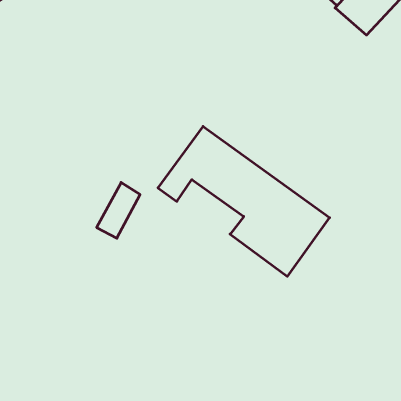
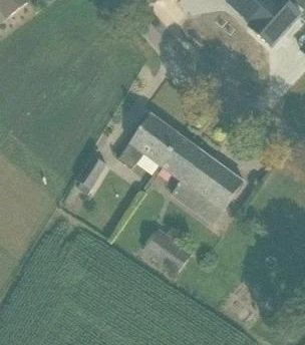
building: none -> [141,227,192,274]

